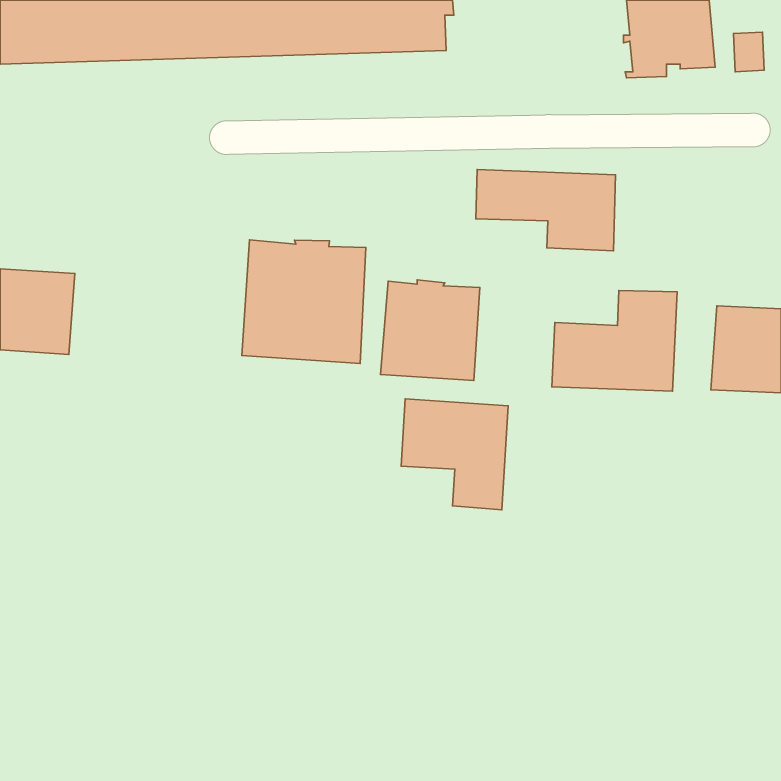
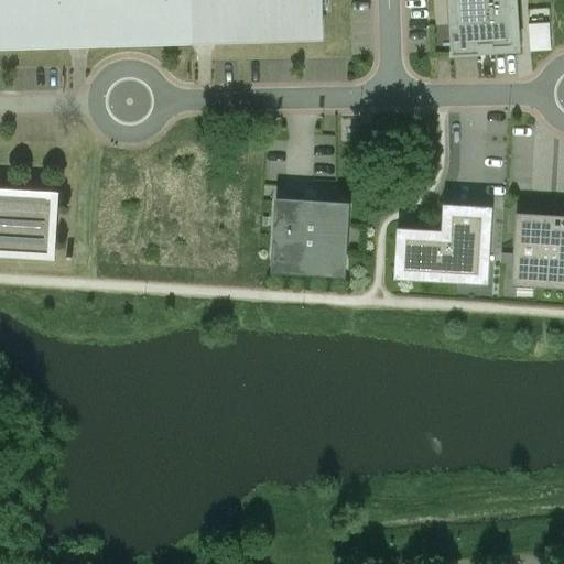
building: [476,169,615,251] -> none
building: [242,240,366,363] -> none
building: [401,399,508,510] -> none

